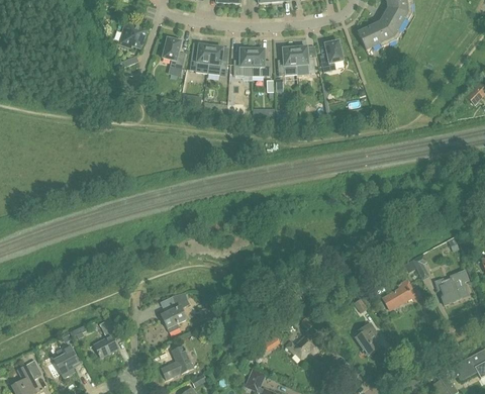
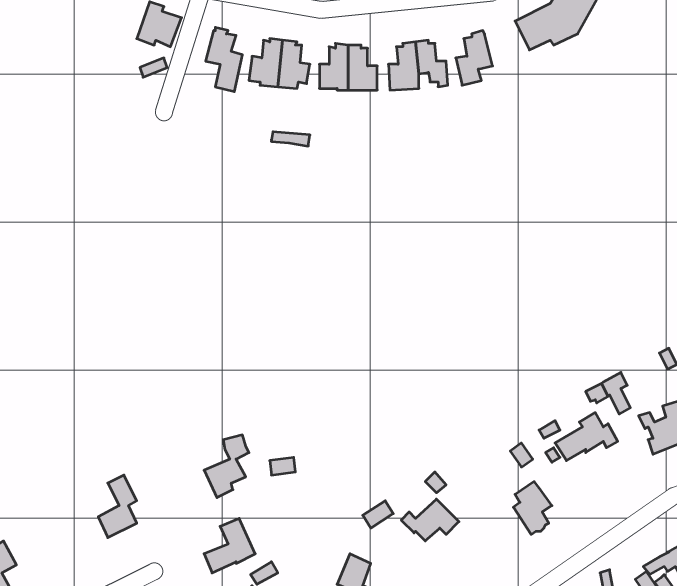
building: [54,343,79,377] -> none

